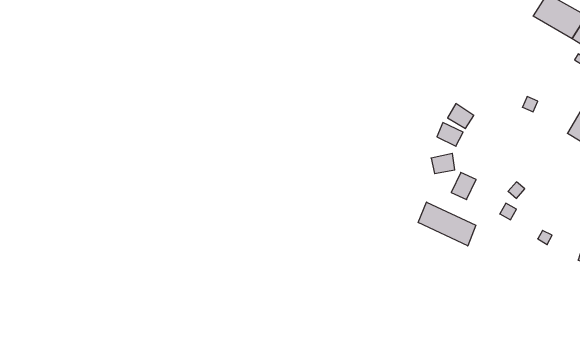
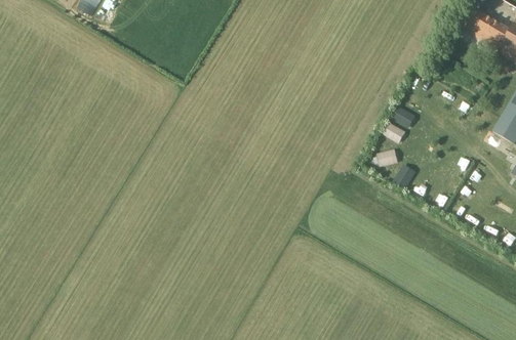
building: [418,202,476,246] -> none

